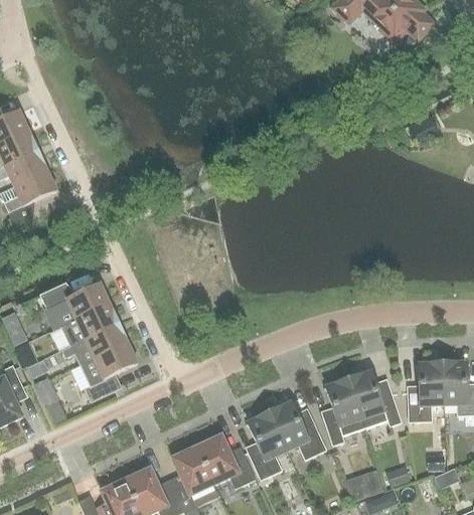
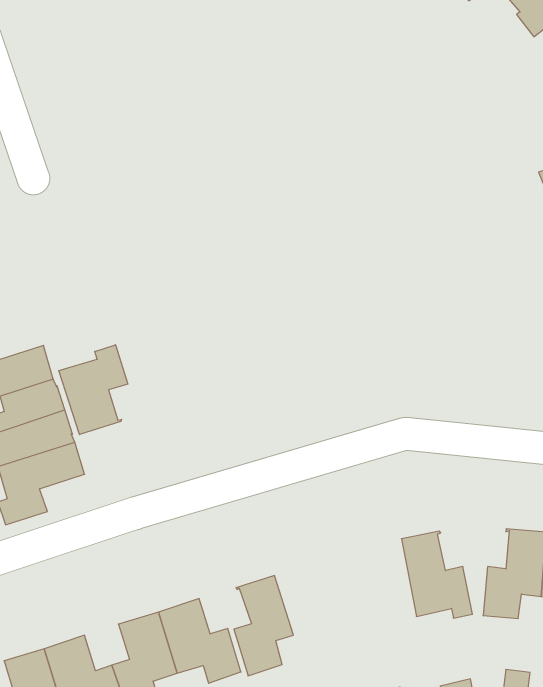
building: none -> [59,345,128,435]
building: [323,378,365,445] -> none
building: [270,401,326,459] -> none

